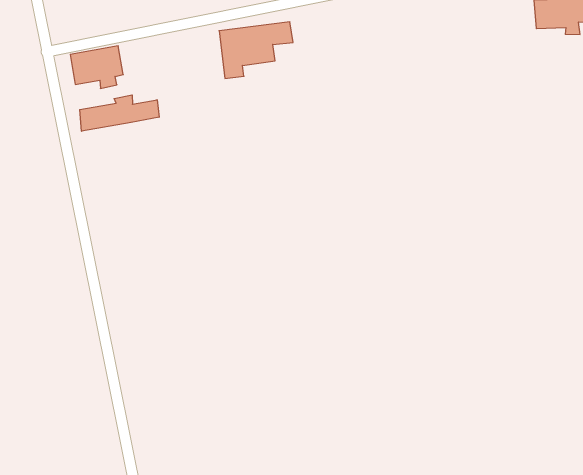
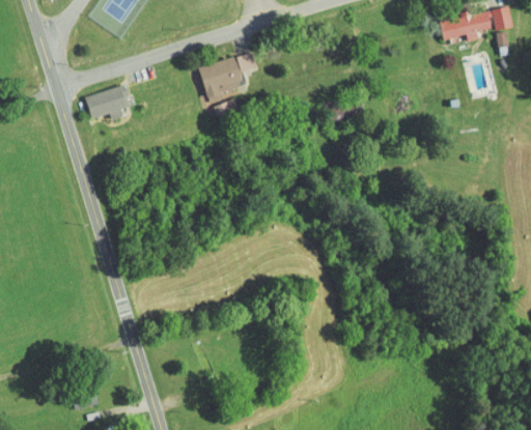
building: [80,95,159,131] -> none

